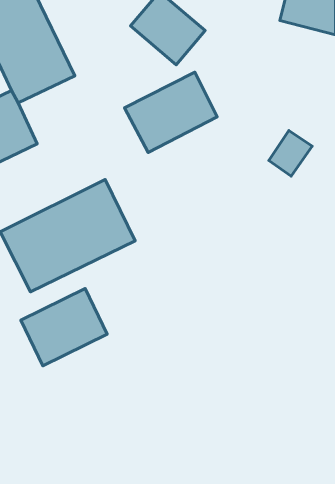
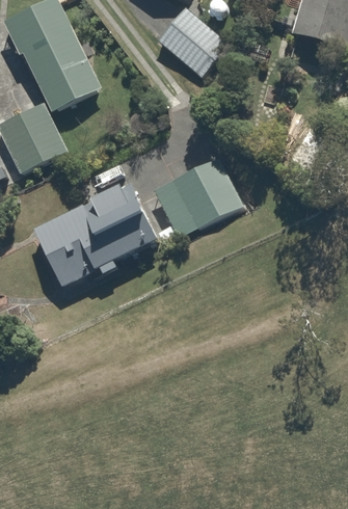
building: [125,72,217,152] -> [156,159,242,234]
building: [21,289,107,366] -> none

